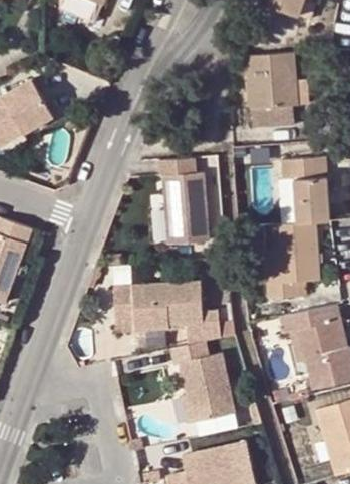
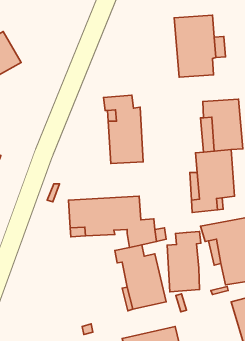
building: none -> [167,231,201,292]

